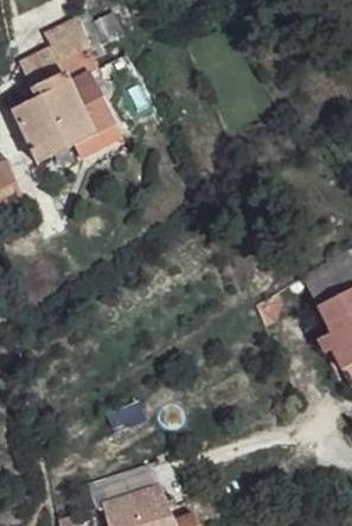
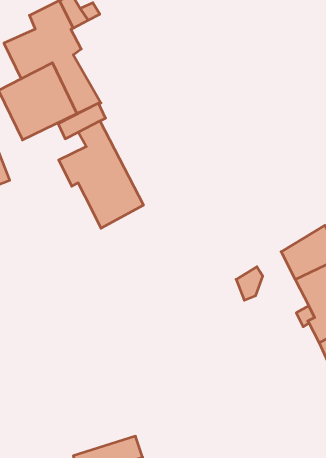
building: none -> [59,121,143,228]

